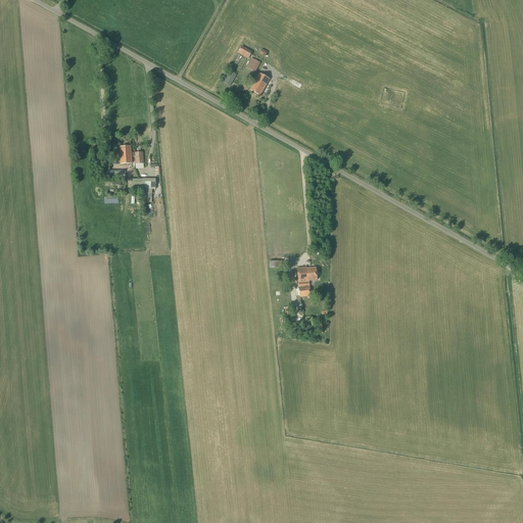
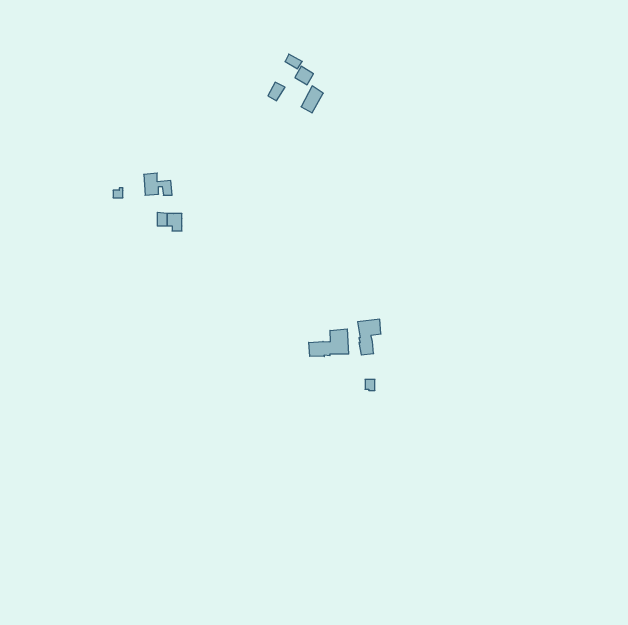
building: none -> [309,329,349,357]

